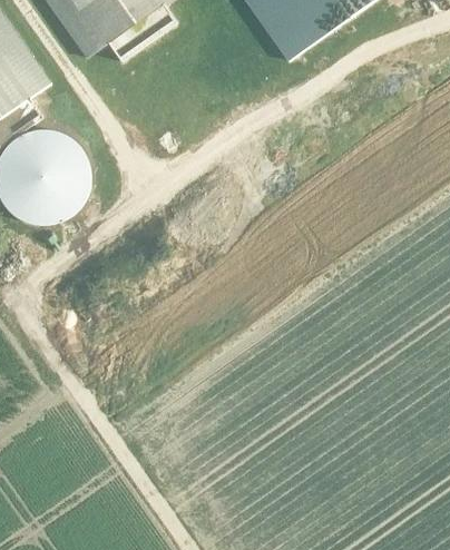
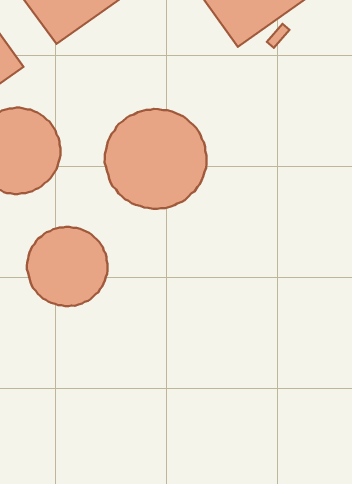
building: none -> [105,109,207,209]
building: none -> [27,227,108,306]

